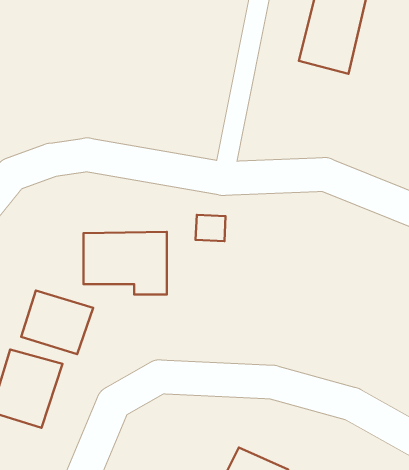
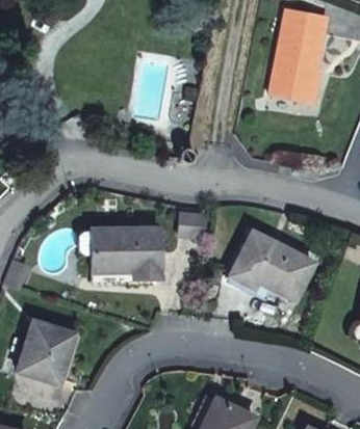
building: none -> [231,230,314,298]
building: [21,291,93,354] -> none

